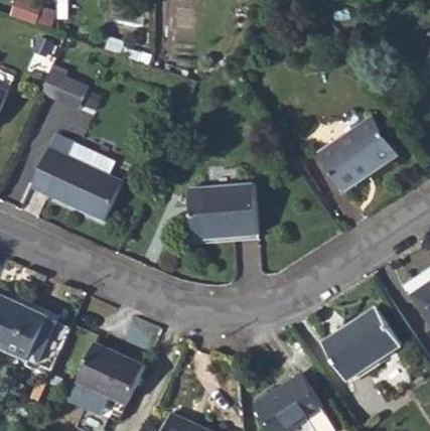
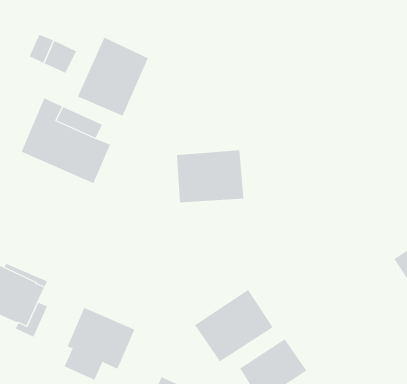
building: none -> [77,37,149,117]
building: [314,116,395,190] -> none
building: [317,307,397,381] -> [194,289,273,362]

